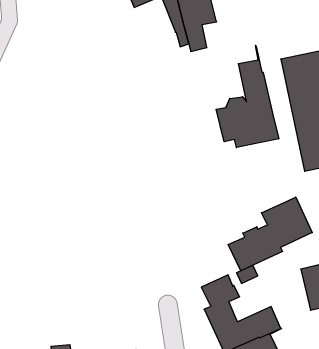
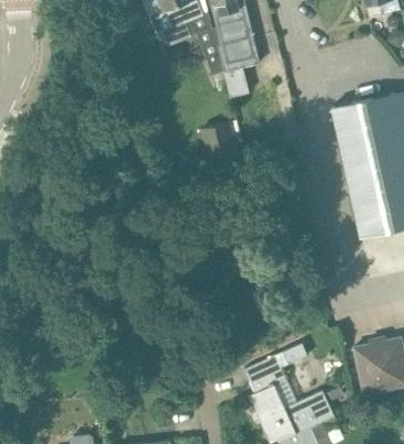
building: [216,45,279,148] -> none
building: none -> [199,122,240,167]
building: [228,197,312,271] -> none

